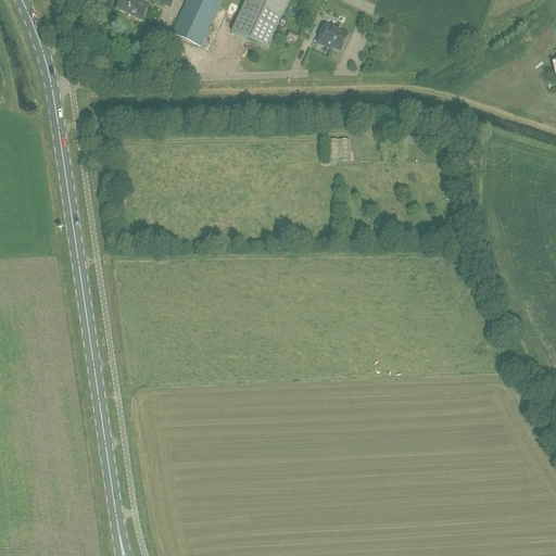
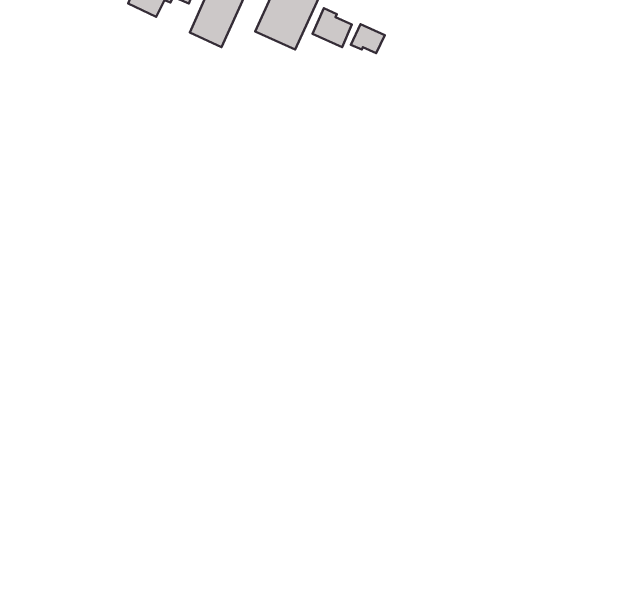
building: none -> [313,8,352,47]

